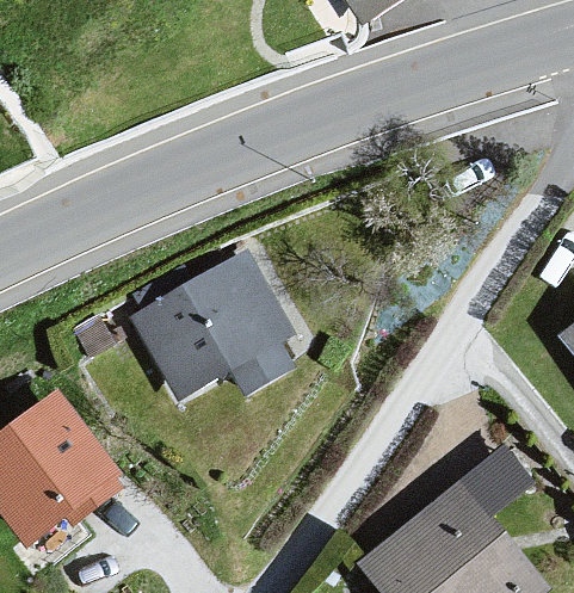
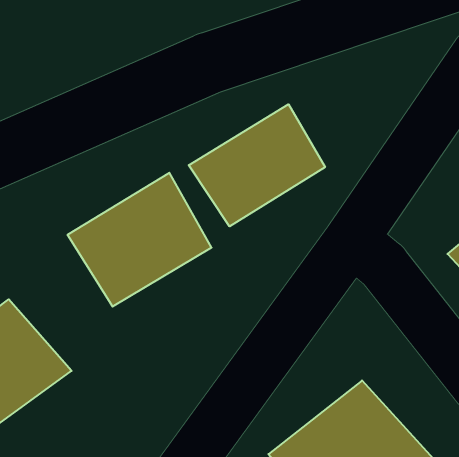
building: none -> [189,104,325,226]

